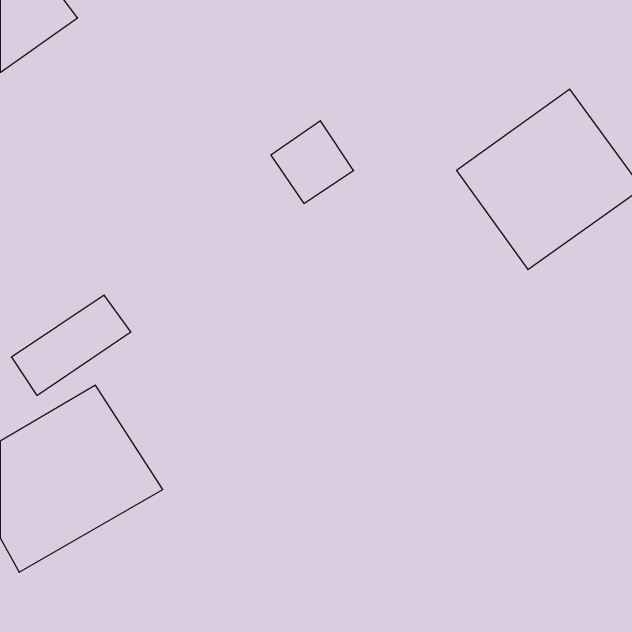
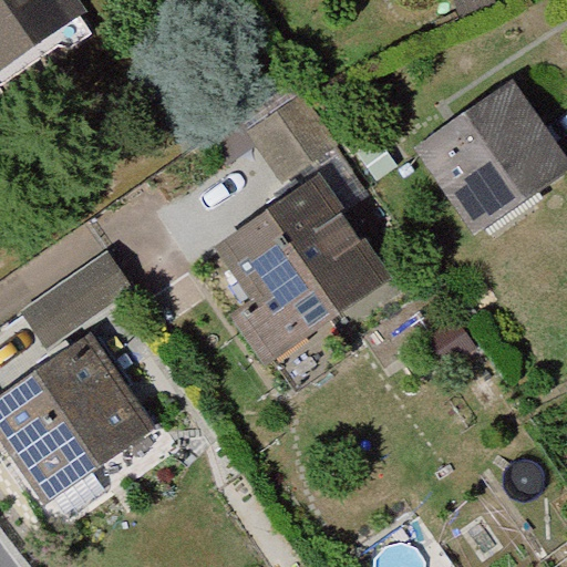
building: none -> [192,171,388,362]

